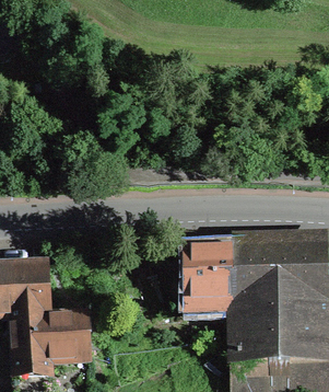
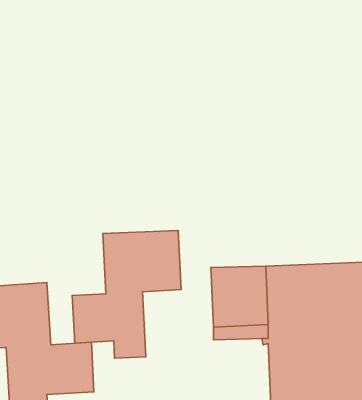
building: none -> [72,230,181,358]

